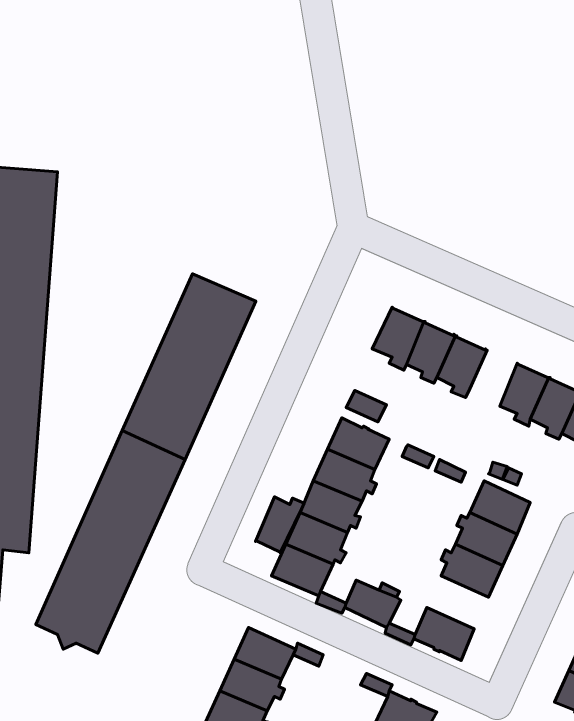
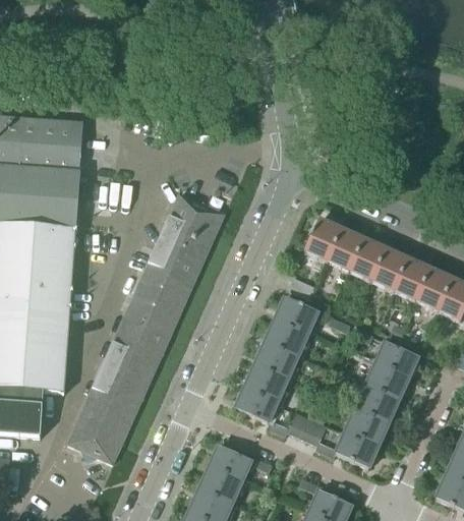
building: none -> [374,248,409,292]
building: [255,497,304,553] -> none
building: none -> [344,408,389,446]

